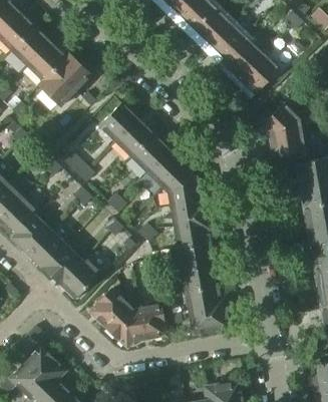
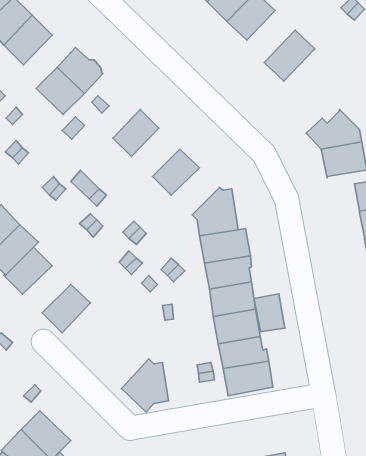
building: [208,22,247,64] -> none
building: [27,42,65,80] -> none
building: [238,53,279,94] -> none
building: [114,117,153,156] -> none
building: [146,149,186,187] -> none
building: [26,229,65,267] -> none
building: none -> [254,294,285,332]
building: [58,255,101,298] -> none
building: [89,288,128,328] -> none
building: [139,303,166,338] -> none

